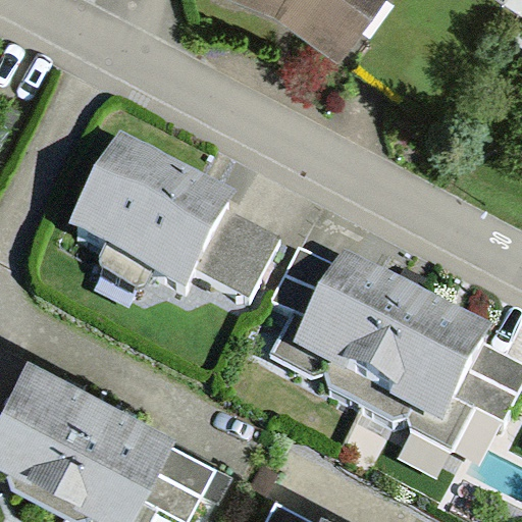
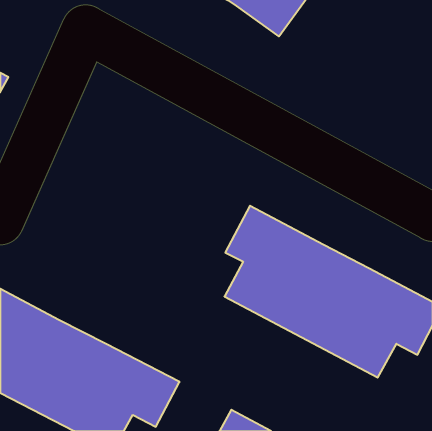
building: [69,136,282,301] -> none

